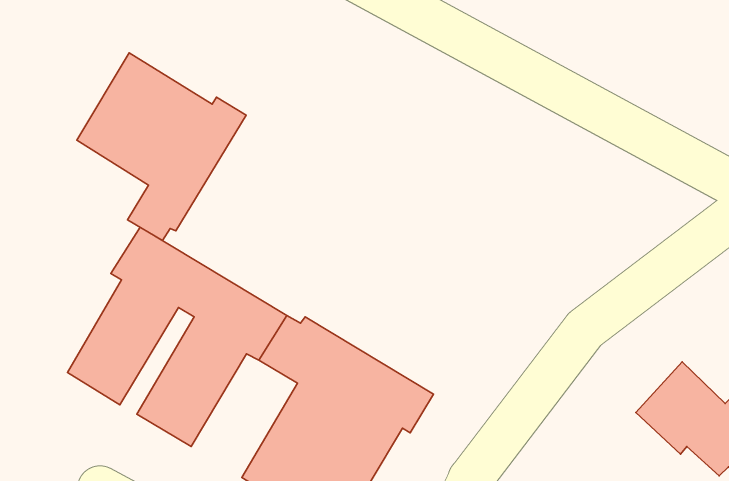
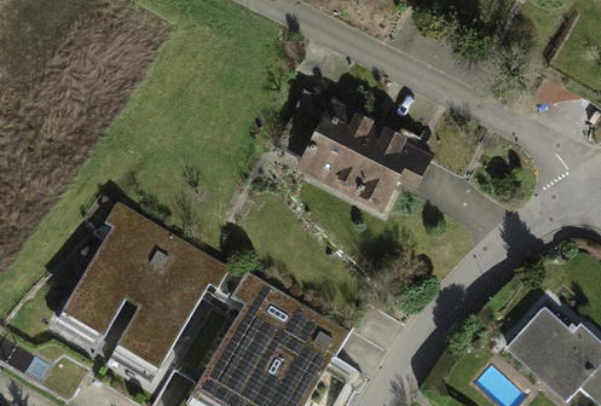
building: [77,53,246,241] -> none
building: none -> [284,95,428,210]

